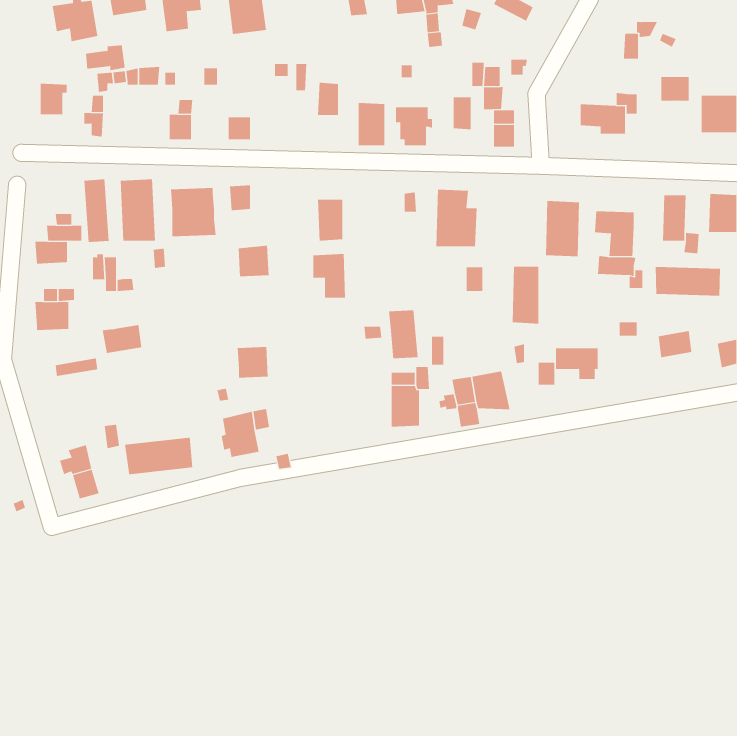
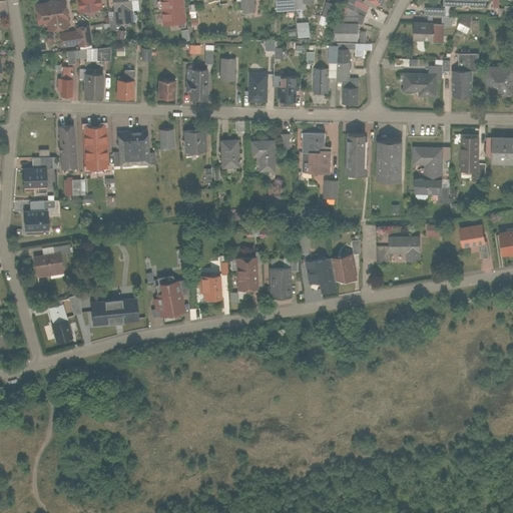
building: none -> [335,21,359,39]
building: none -> [414,21,434,39]
building: [40,83,67,115] -> [85,72,104,94]
building: none -> [187,68,206,98]
building: none -> [452,70,471,96]
building: [238,245,269,277] -> [184,128,206,150]
building: [313,254,346,298] -> [252,138,276,169]
building: [655,266,721,297] -> none
building: [512,266,539,324] -> [348,133,367,173]
building: [388,310,419,359] -> [236,256,258,291]
building: [102,325,142,353] -> [31,259,59,279]
building: [237,346,269,378] -> [200,277,222,299]

